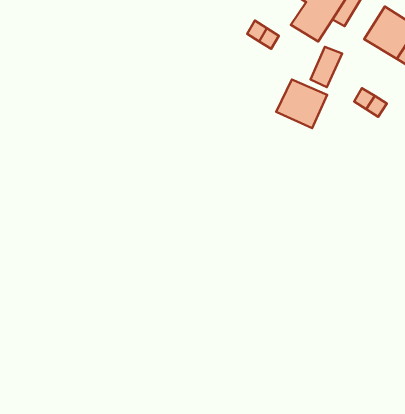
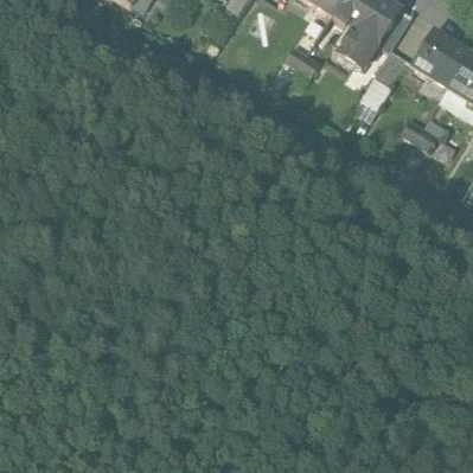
building: [276,79,327,128] -> none

